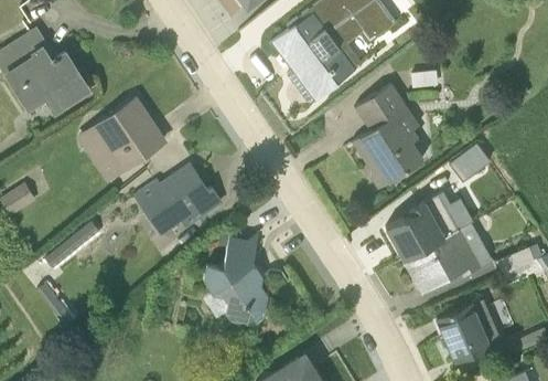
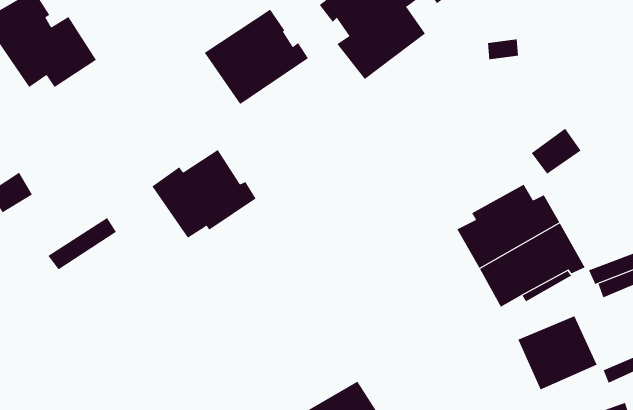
building: [352,83,423,190] -> none
building: [77,100,164,180] -> [204,9,309,105]
building: [204,237,268,326] -> none

